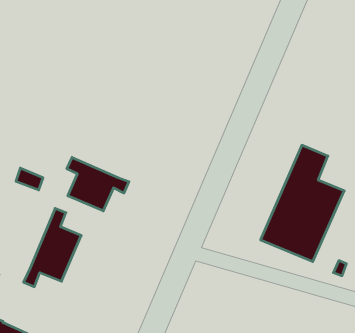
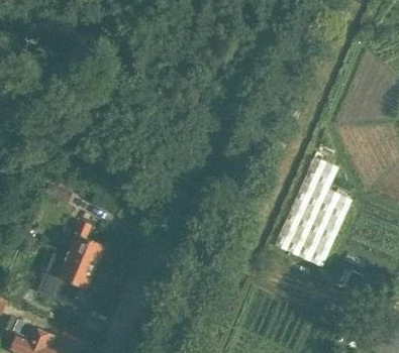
building: [67,157,129,211] -> none

